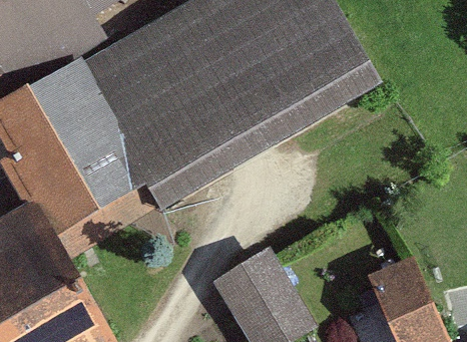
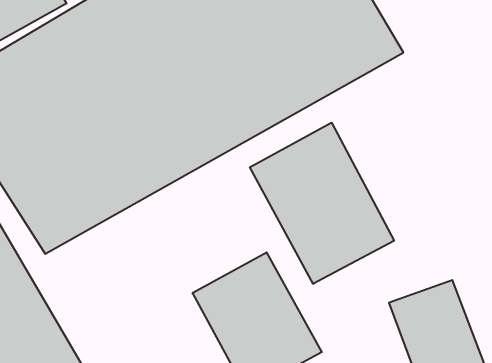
building: none -> [250,123,394,284]

